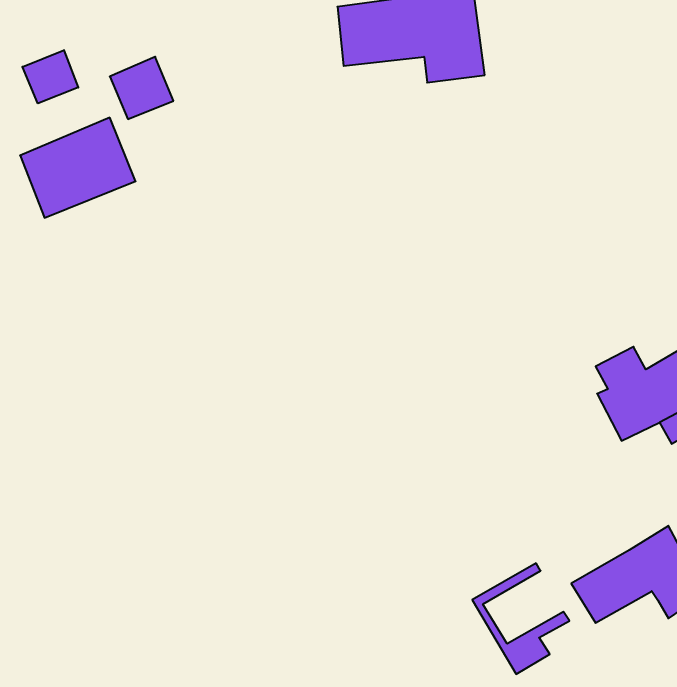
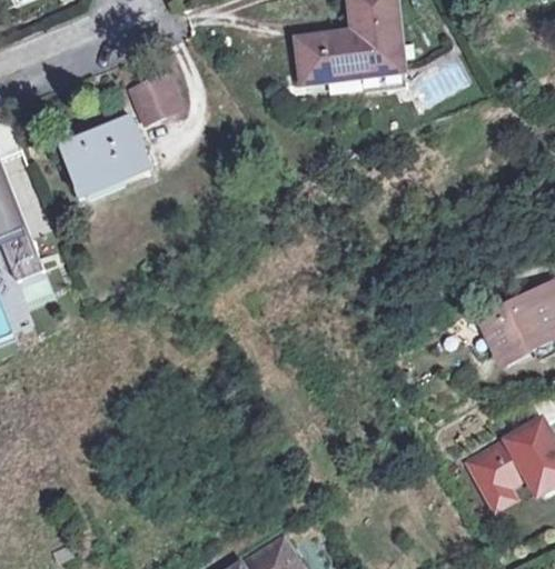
building: [22,50,78,103] -> none
building: [472,563,569,674] -> [463,431,534,512]

